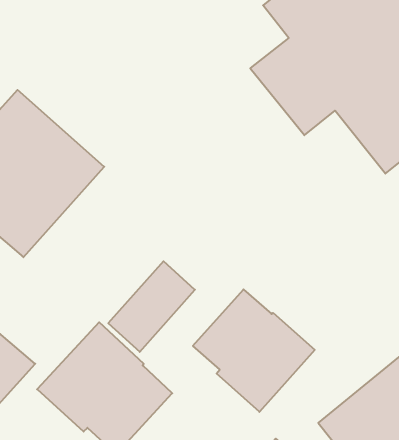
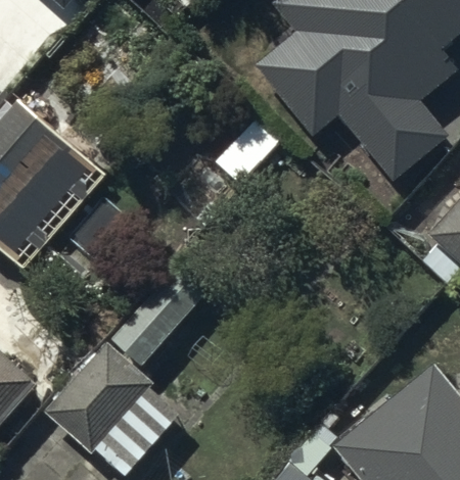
building: [193,289,315,412] -> none

